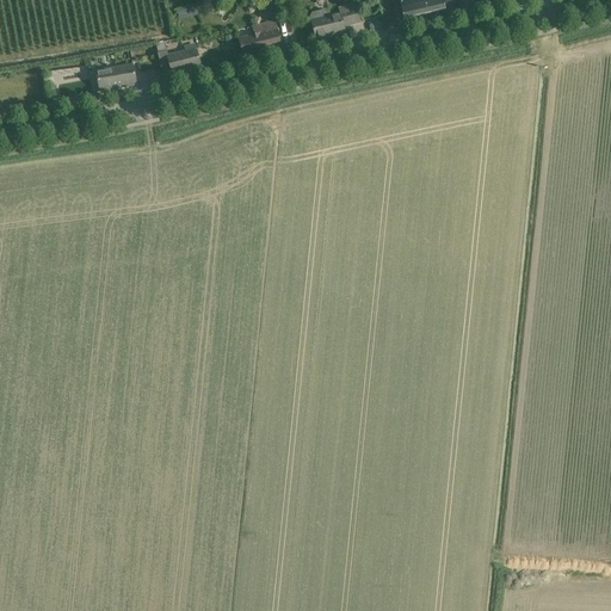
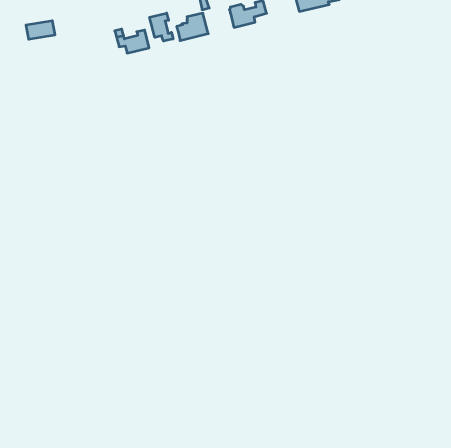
building: none -> [150,13,173,41]
building: [97,62,136,87] -> [26,21,55,39]

